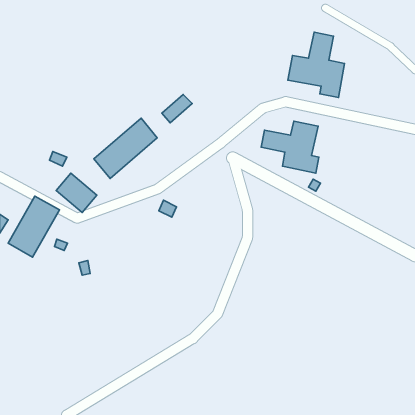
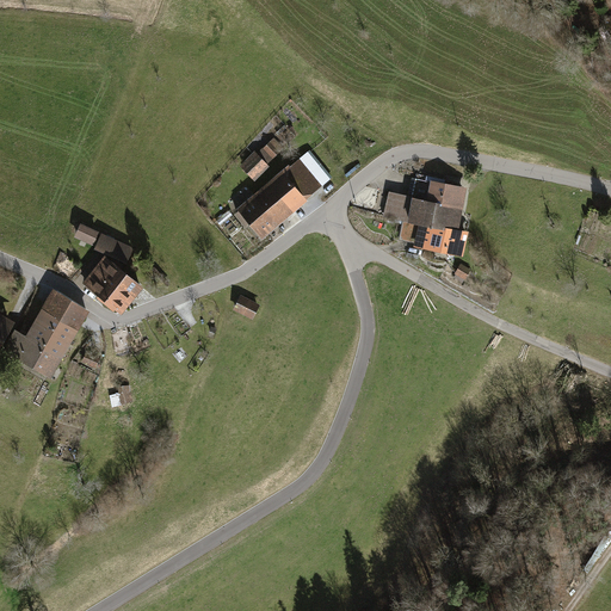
building: [288,32,344,97] -> none
building: [94,118,157,178] -> [235,153,328,241]
building: none -> [93,233,132,263]

